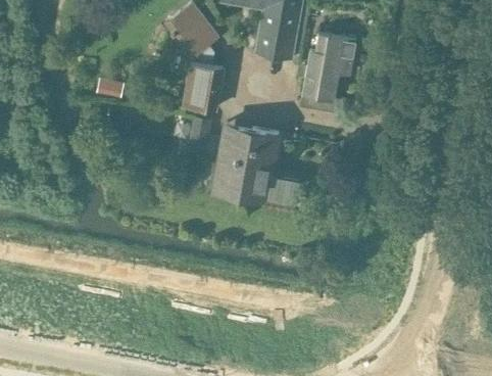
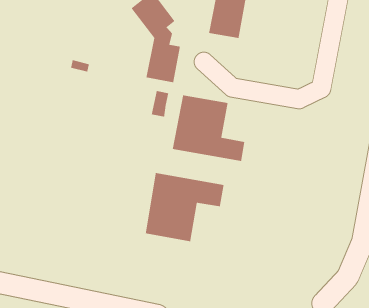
building: [302,33,356,99] -> none
building: none -> [145,172,225,242]

